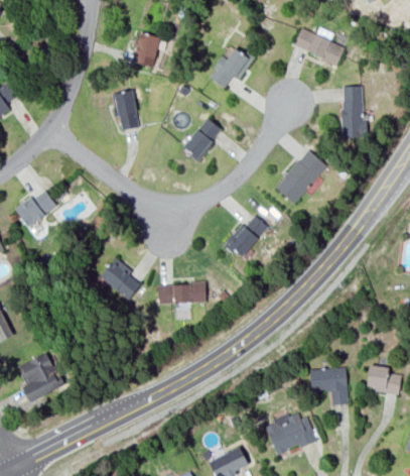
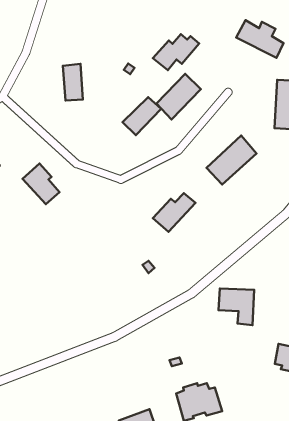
building: [133,33,159,68] -> none
building: none -> [156,74,201,120]
building: [100,257,140,300] -> [23,163,60,204]
building: [157,283,206,304] -> none
building: [309,367,348,404] -> [219,288,254,325]

